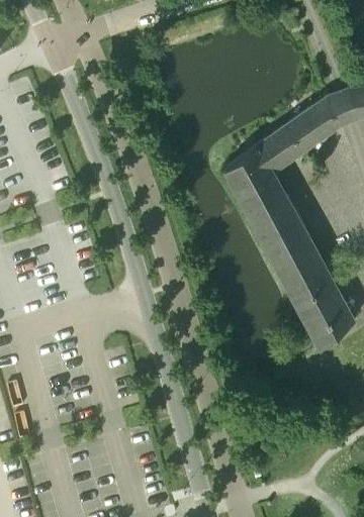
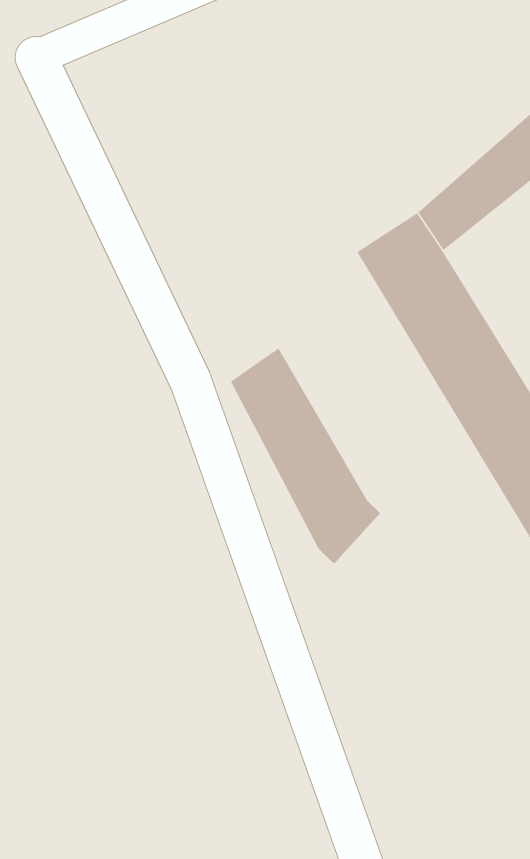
building: none -> [230,347,381,564]

